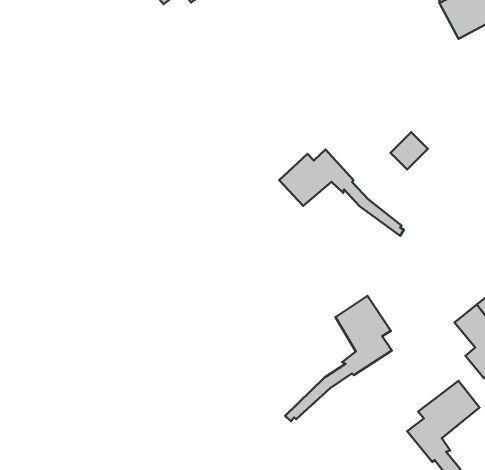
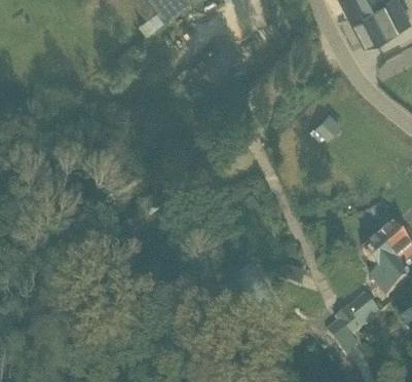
building: [279,150,404,236] -> none
building: [285,296,392,421] -> none

